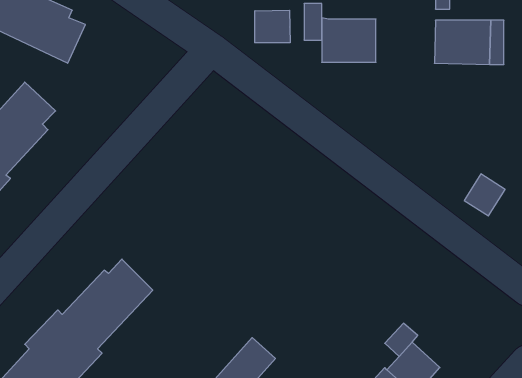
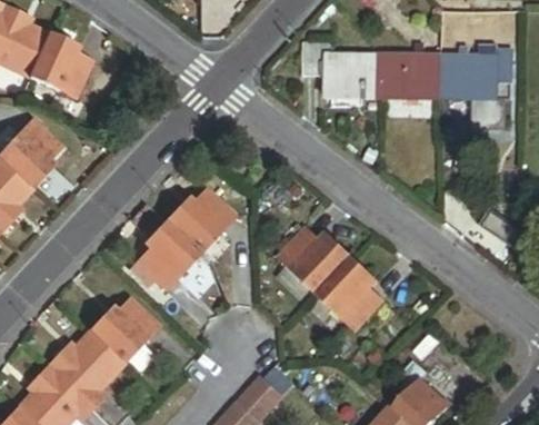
building: [255,10,290,43] -> none
building: none -> [383,55,443,99]
building: none -> [134,187,234,290]
building: none -> [278,226,385,330]

